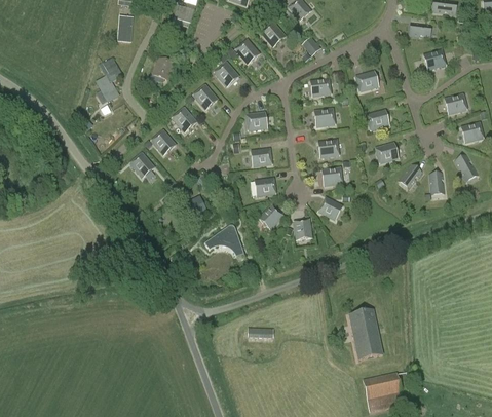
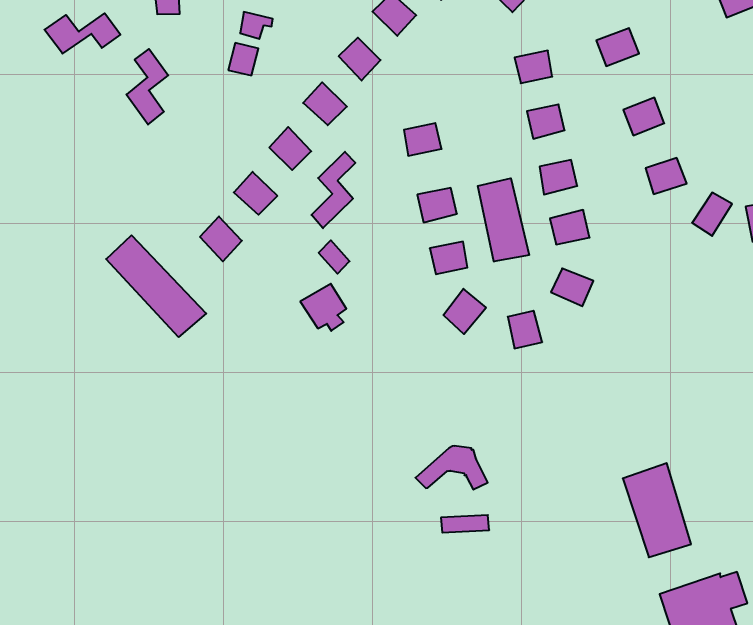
building: none -> [44,13,120,54]
building: none -> [311,152,355,228]
building: none -> [478,178,529,262]
building: none -> [106,235,206,337]
building: [203,228,242,253] -> [415,446,488,490]

